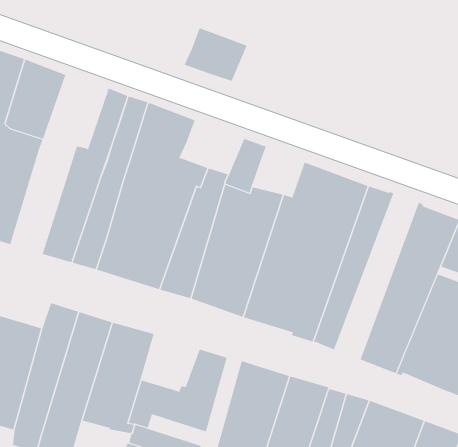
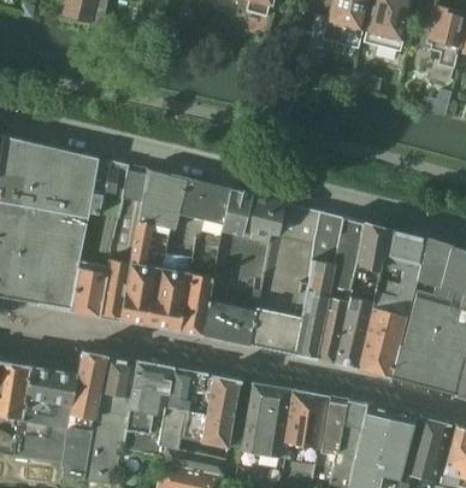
building: [184,27,247,81] -> [181,180,234,223]
building: none -> [43,153,112,310]
building: none -> [246,195,288,236]
building: none -> [332,223,390,369]
building: none -> [169,368,211,413]

